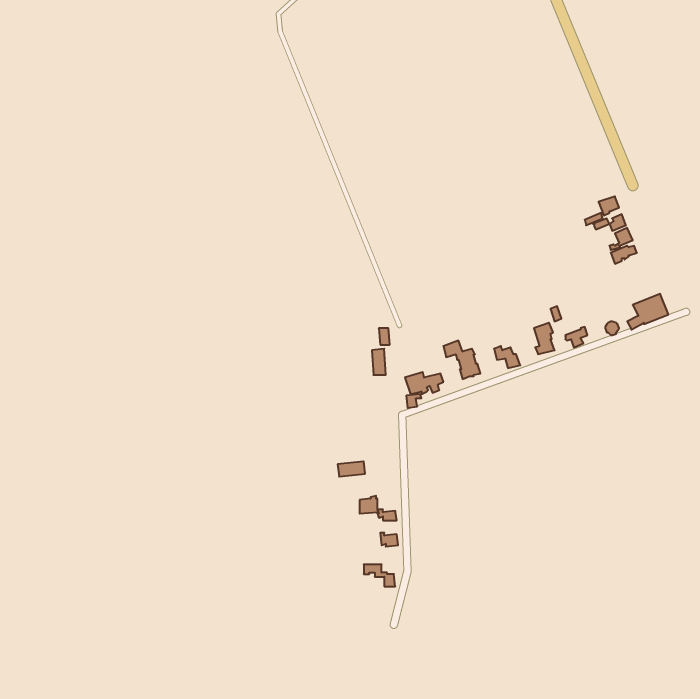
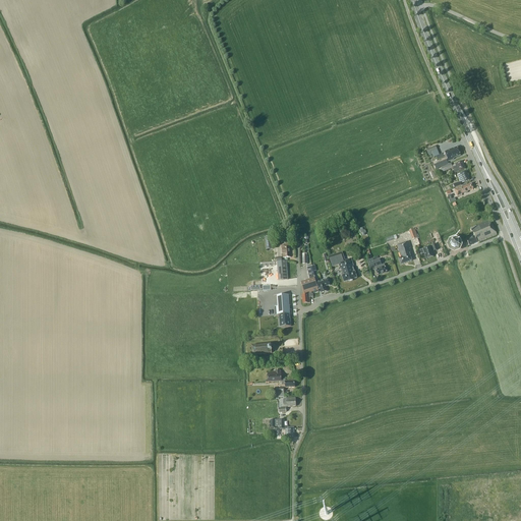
building: none -> [275,293,291,325]

